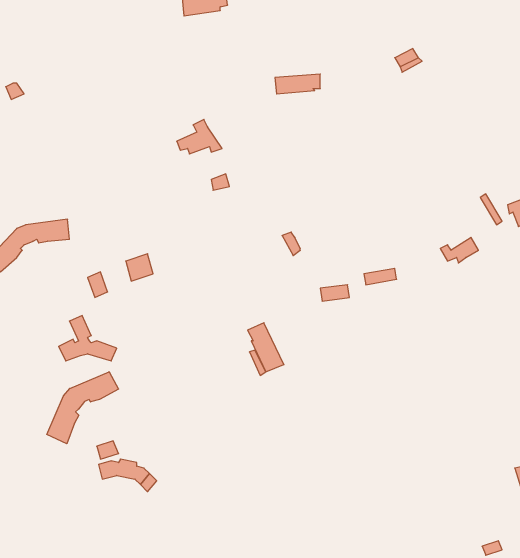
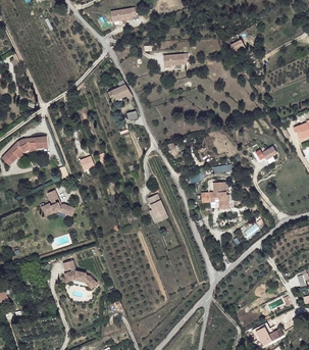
building: none -> [200,182,228,209]
building: [47,372,119,444] -> none

